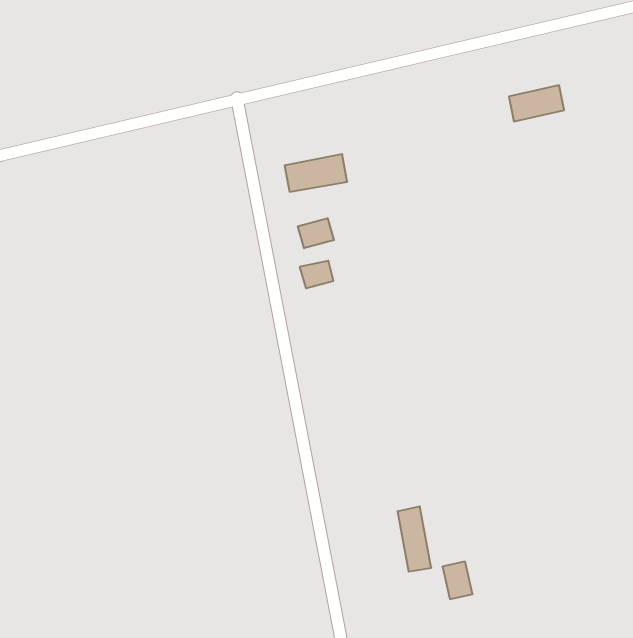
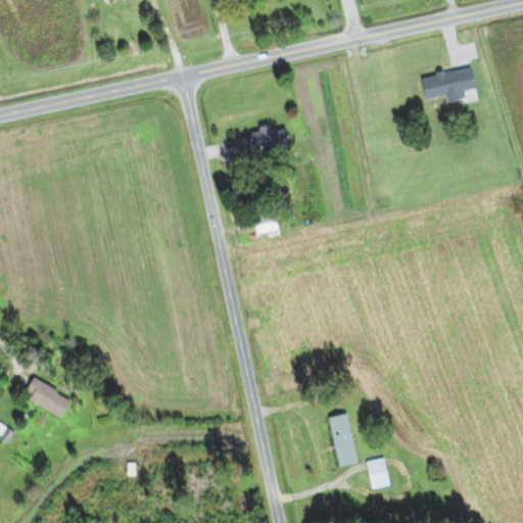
building: [298,218,334,248] -> none
building: none -> [22,376,72,418]

